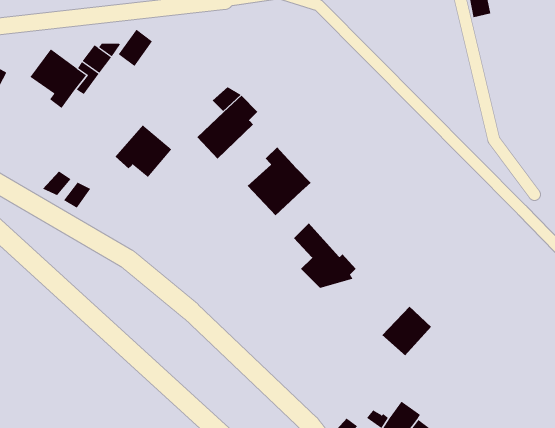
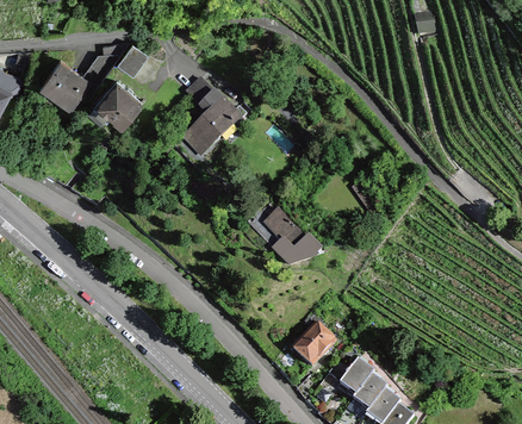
building: [115,124,172,178] -> [93,80,142,125]
building: [247,146,312,216] -> none
building: [381,306,432,356] -> [292,322,335,364]

